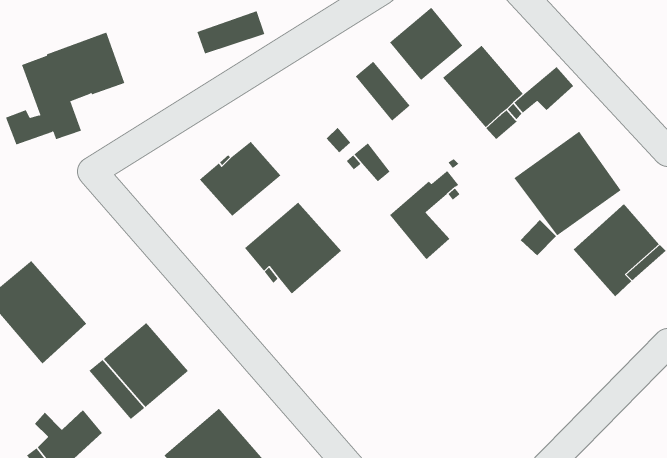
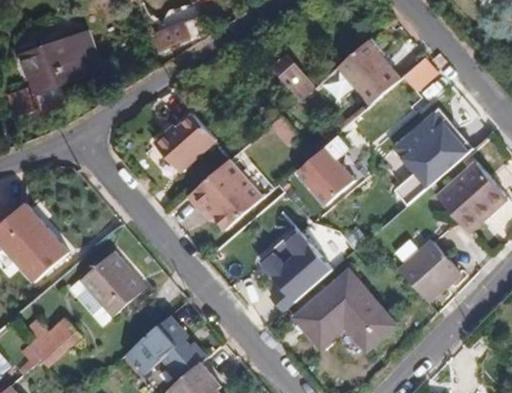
building: [389,7,463,81] -> none
building: none -> [262,231,332,311]
building: none -> [399,240,460,301]
building: none -> [295,271,395,349]

